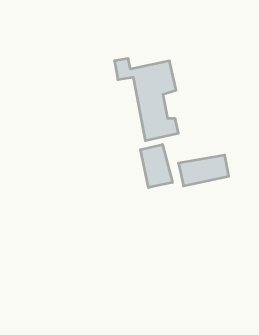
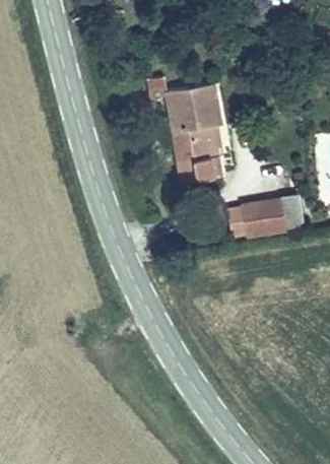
building: [140,144,172,188] -> none

